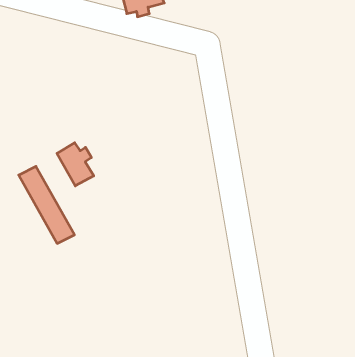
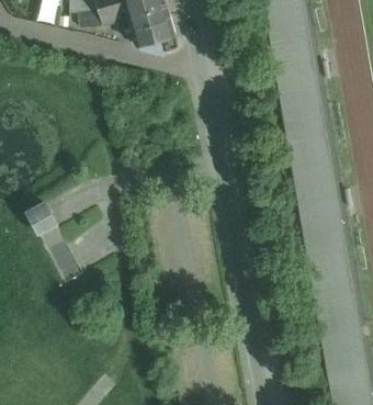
building: [57,143,94,186] -> none

